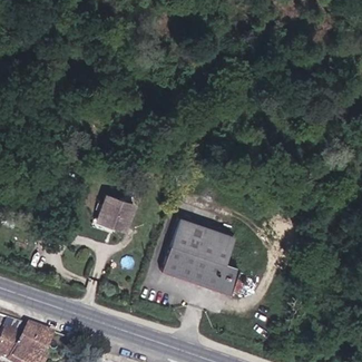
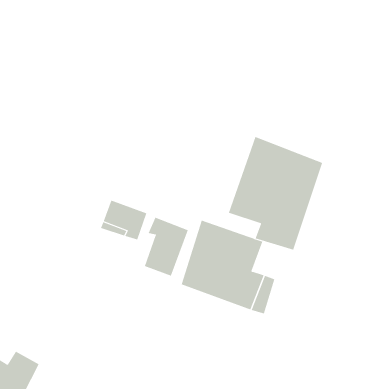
building: none -> [228,136,323,251]
building: none -> [144,217,188,276]

